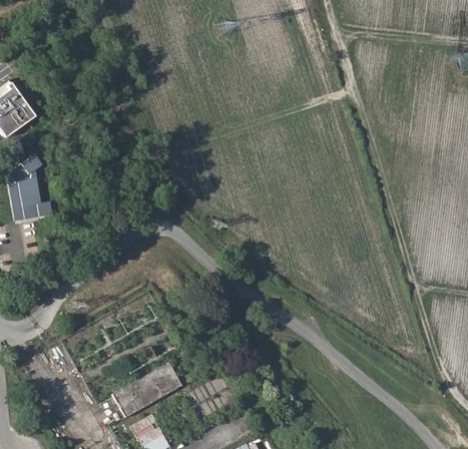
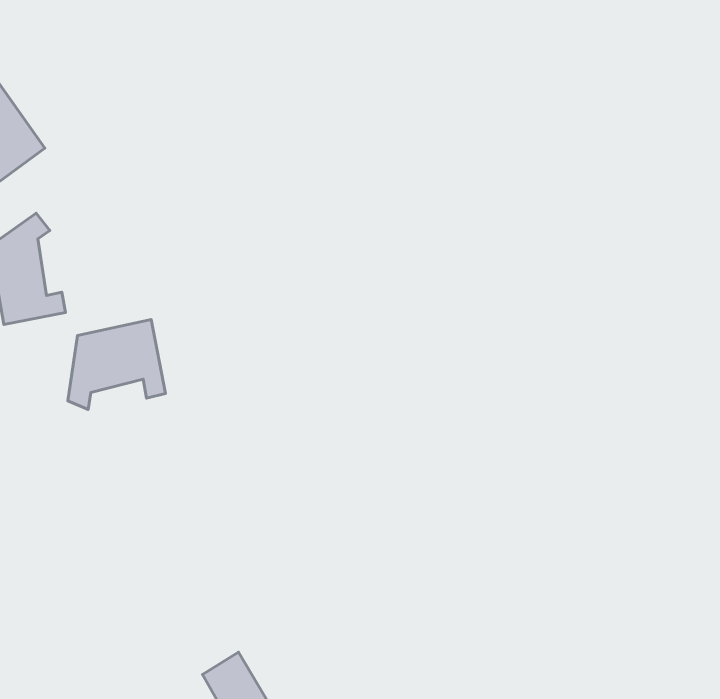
building: none -> [68,319,166,409]
building: [109,365,178,419] -> none

